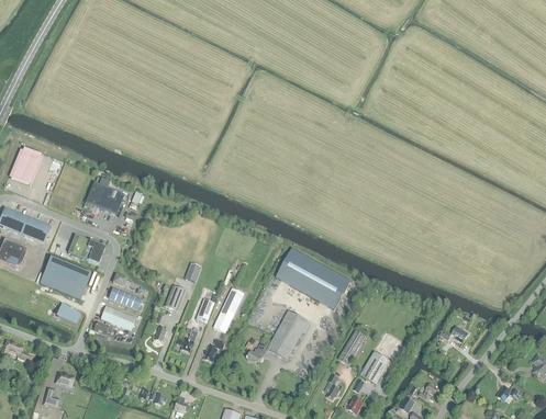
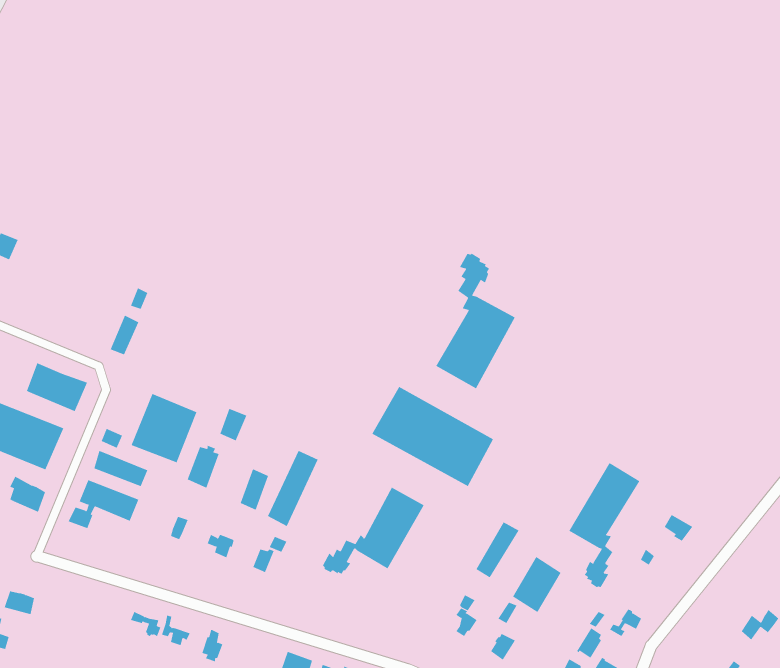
building: none -> [435,253,516,389]
building: [86,175,124,215] -> none
building: none -> [131,393,197,463]
building: none -> [569,462,640,588]

